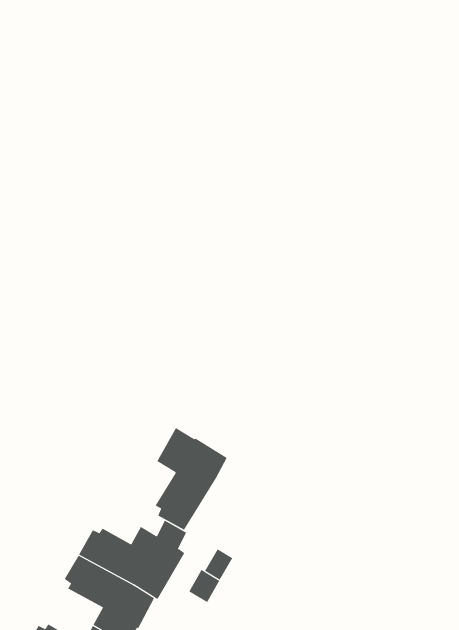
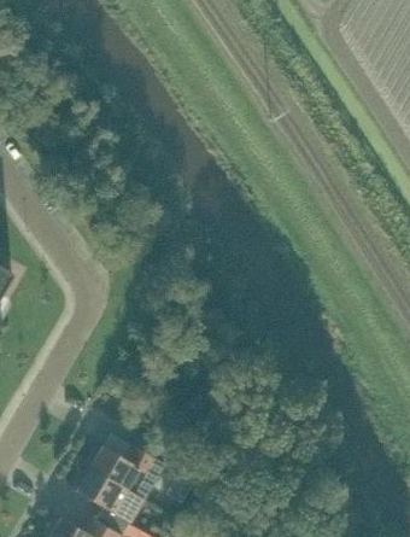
building: [155,427,228,531] -> none

